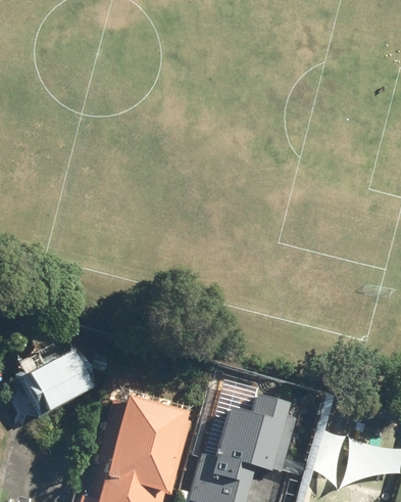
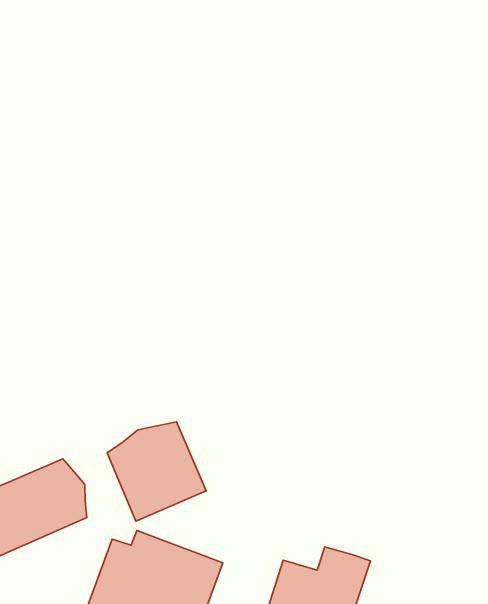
building: none -> [107,422,206,521]

